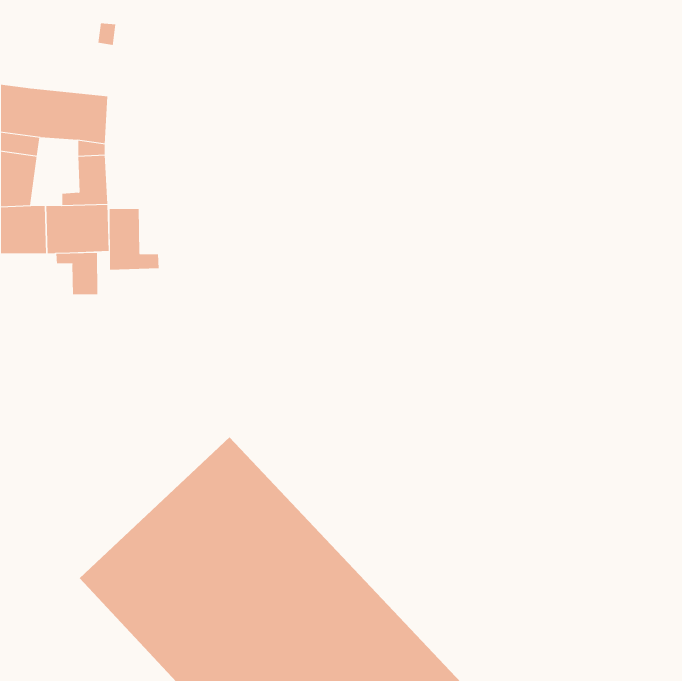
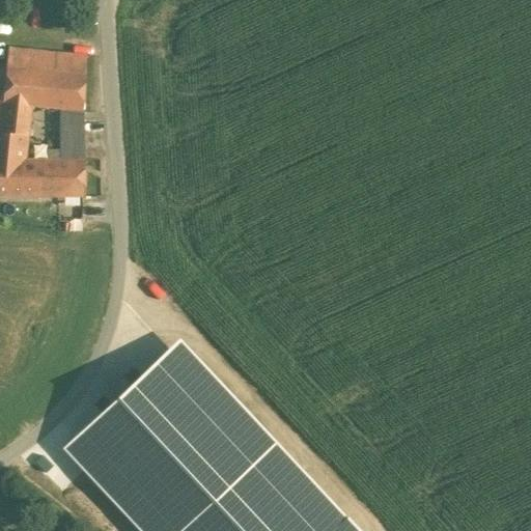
building: none -> [24,51,86,76]
building: [109,208,159,270] -> none
building: [56,252,98,295] -> none

